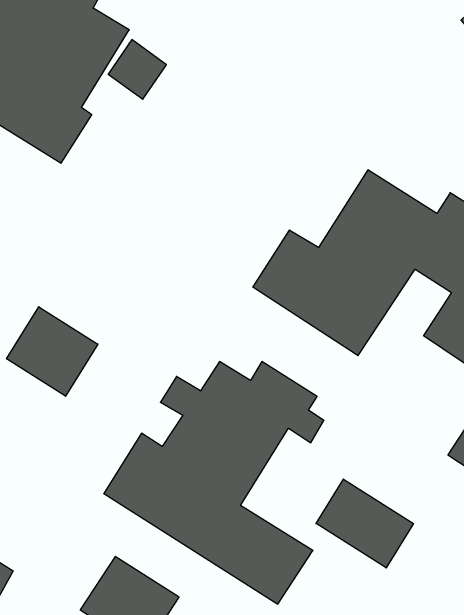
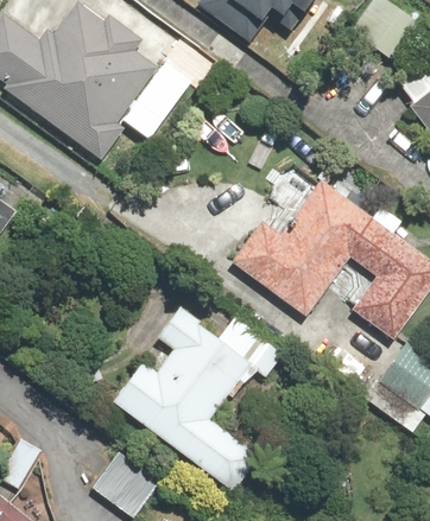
building: [7,307,98,396] -> none
building: [316,479,413,568] -> none

